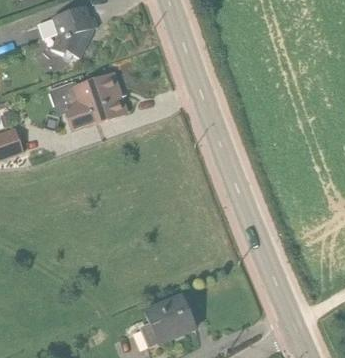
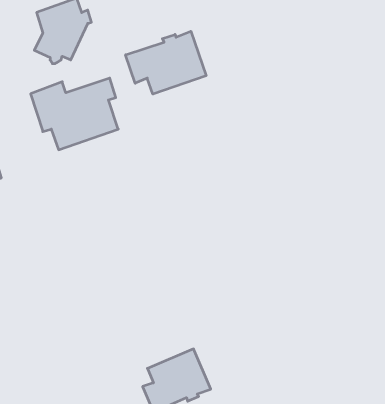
building: none -> [126,31,206,94]

